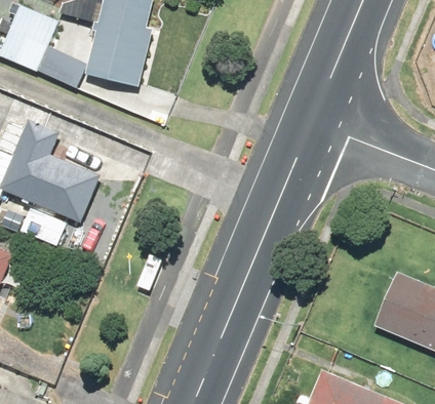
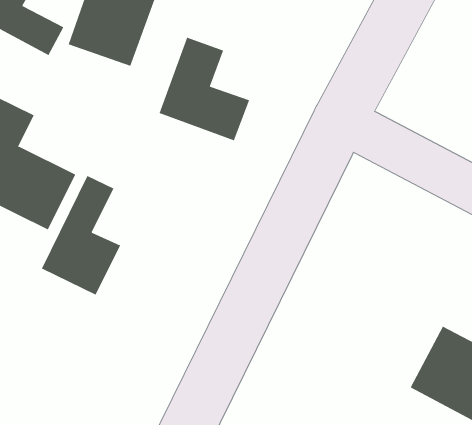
building: none -> [159,37,250,141]
building: none -> [41,175,121,296]

